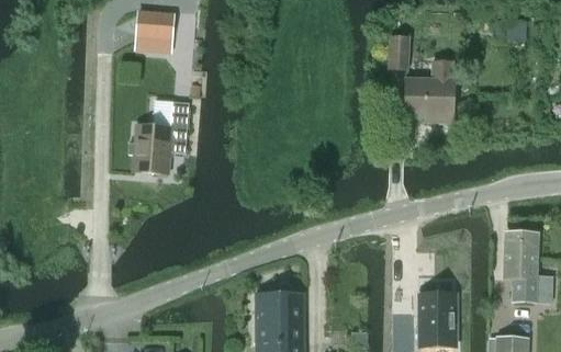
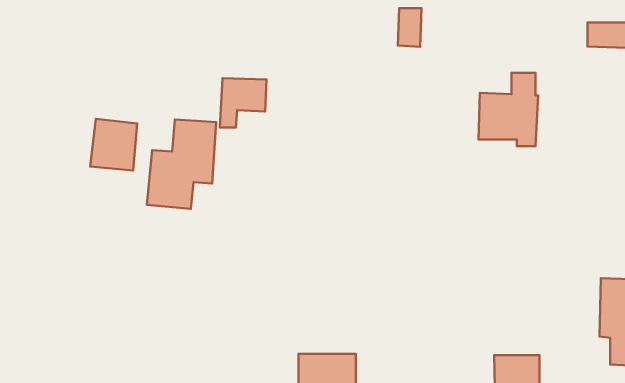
building: [134,12,172,53] -> [220,78,267,128]
building: [388,37,407,69] -> [398,8,422,47]
building: none -> [90,119,137,170]

